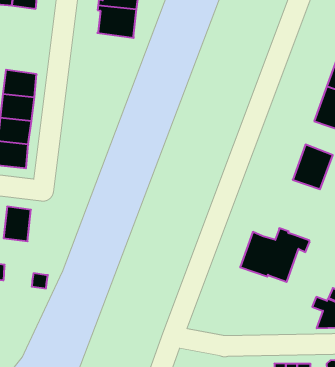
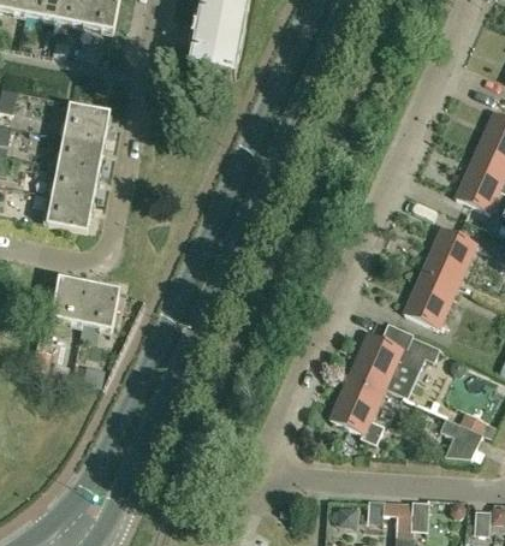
building: none -> [403,268,457,326]
building: none -> [82,283,119,327]
building: none -> [329,374,384,443]

